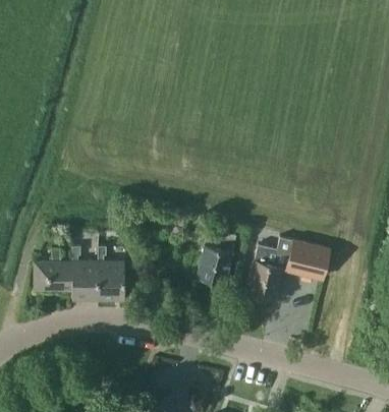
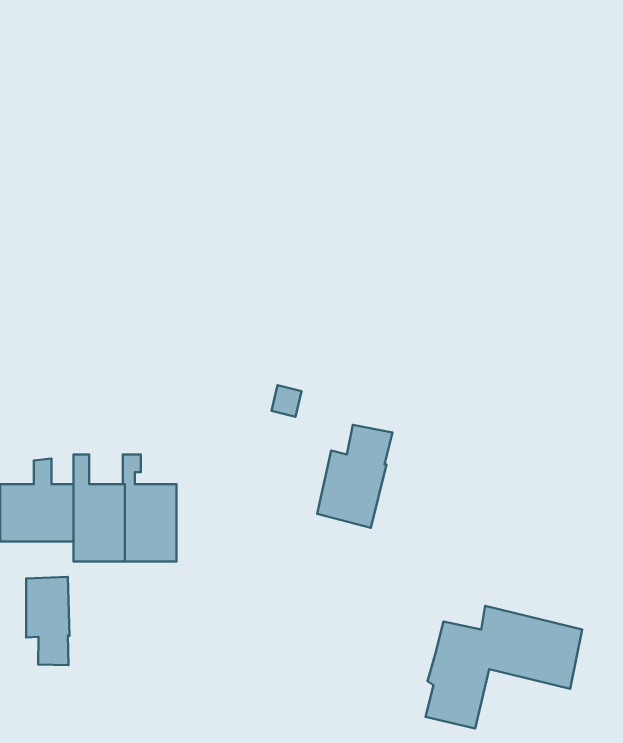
building: [248,238,329,301] -> [426,606,582,729]
building: none -> [26,577,69,665]

